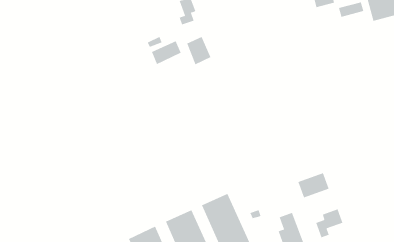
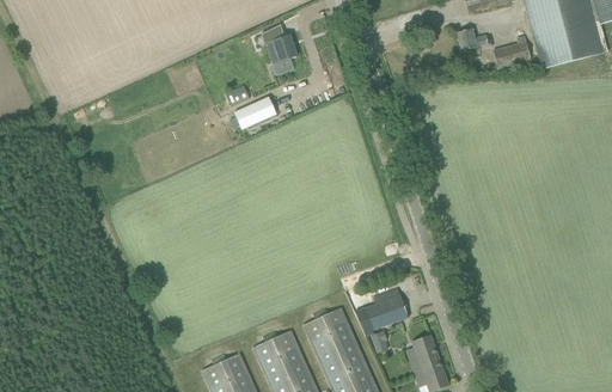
building: [186,36,211,65] -> none
building: [298,172,329,198] -> [365,294,409,330]
building: [315,209,343,238] -> none

